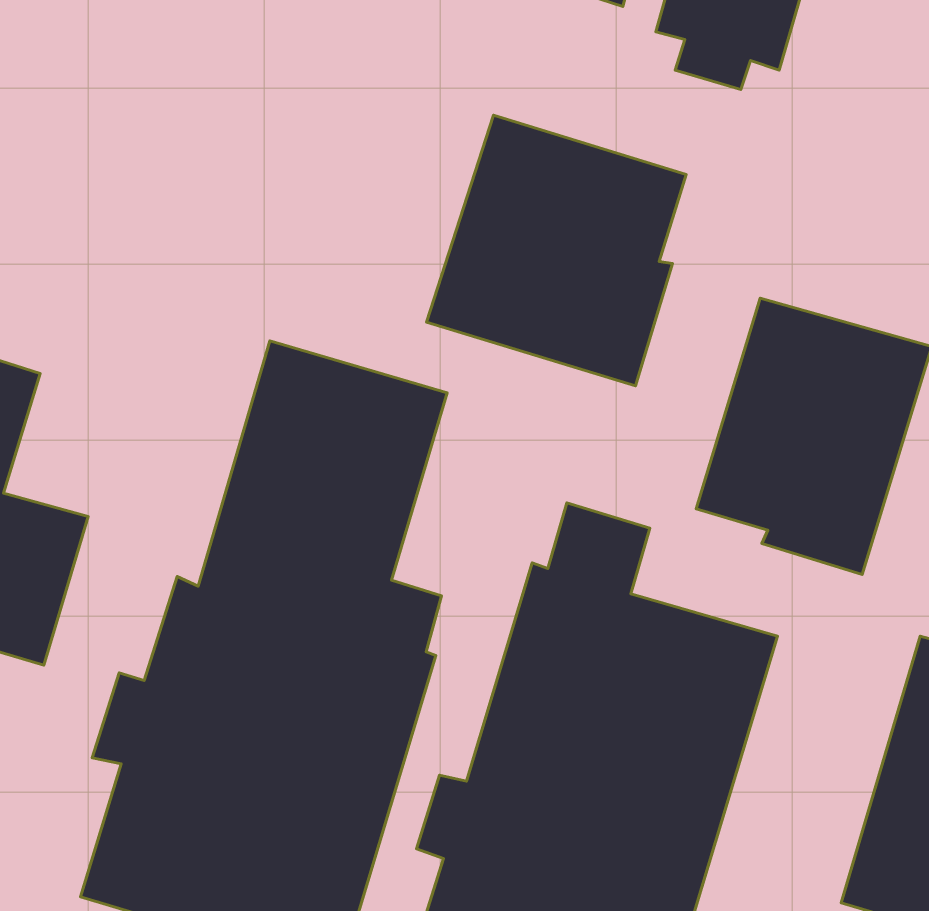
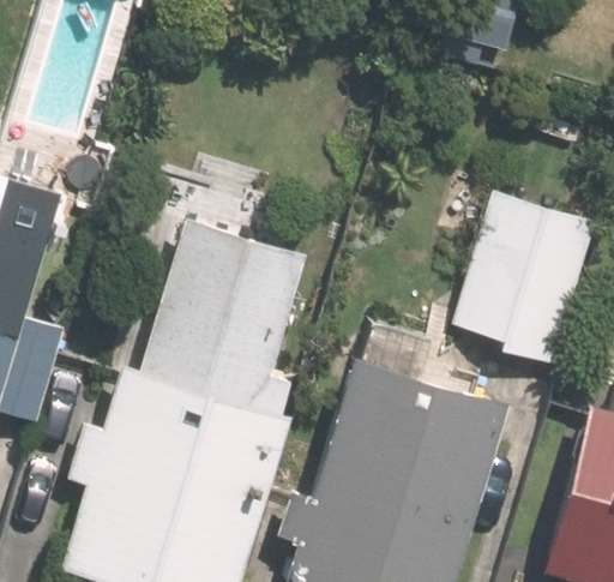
building: [427,115,686,386] -> none

